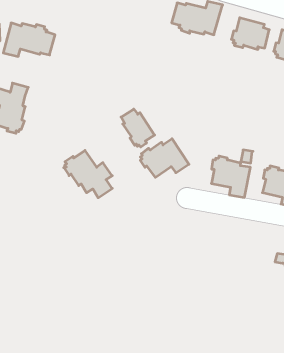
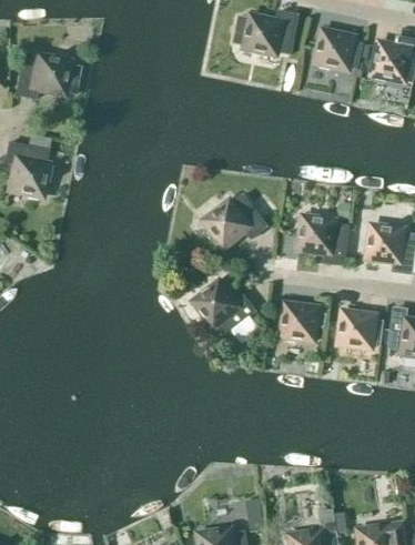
building: [121,109,155,147] -> none
building: [64,150,112,198] -> [192,280,257,341]
building: none -> [279,302,326,341]
building: none -> [335,310,383,347]

